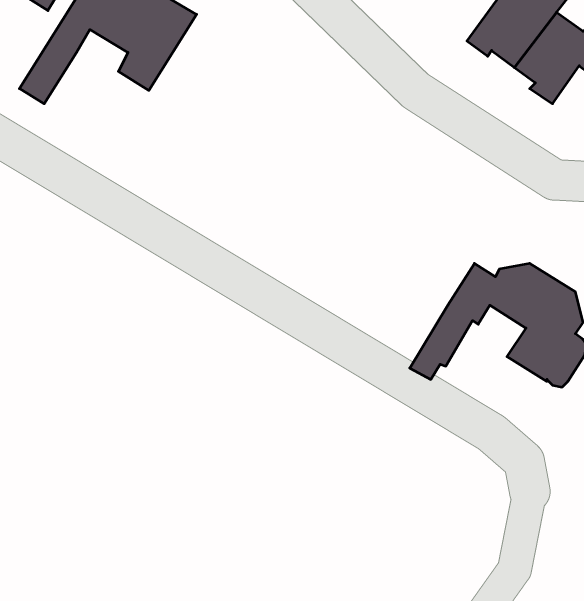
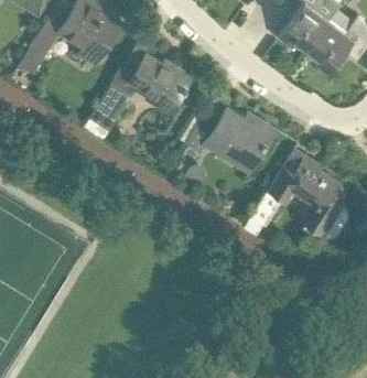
building: none -> [91,52,192,122]
building: none -> [185,105,274,162]

